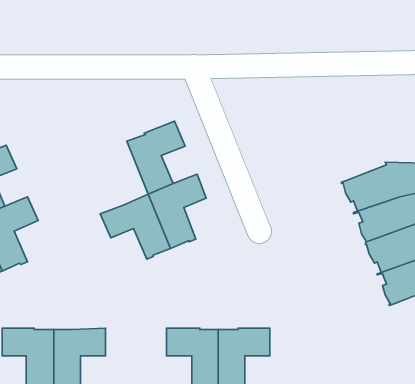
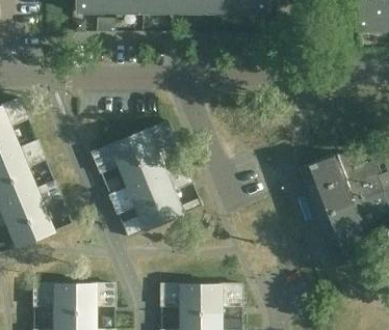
building: none -> [92,137,146,187]

